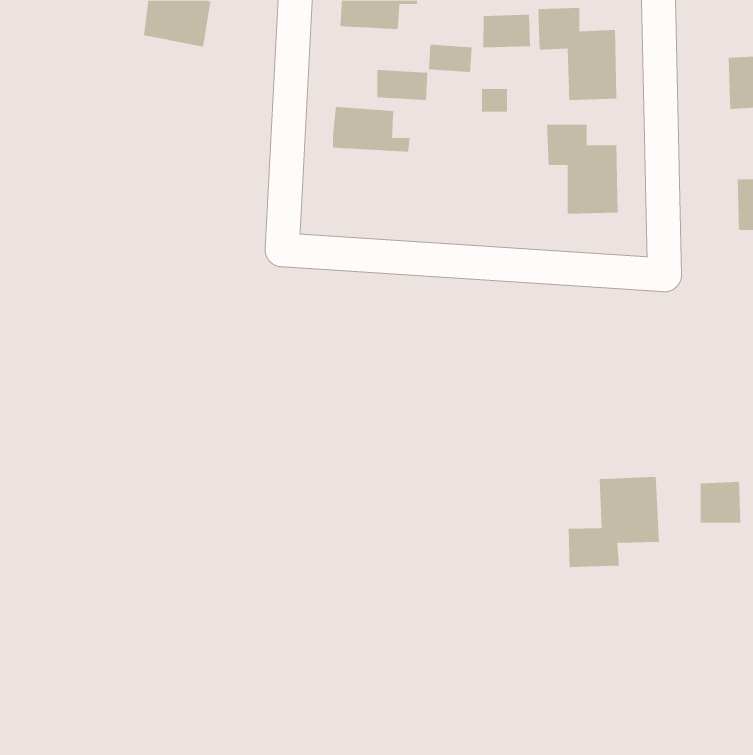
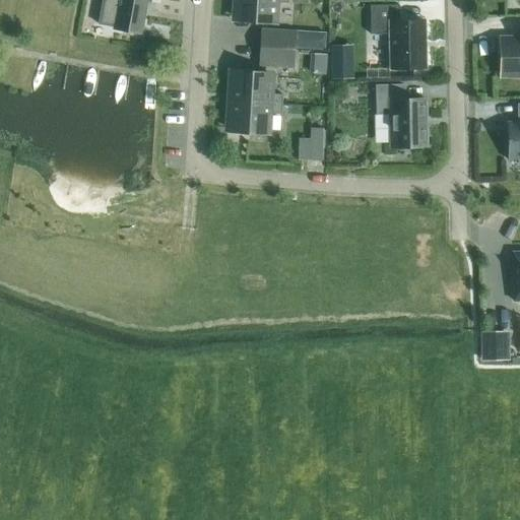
building: [483,14,530,48] -> none
building: none -> [260,28,297,50]
building: none -> [228,102,282,132]
building: none -> [299,128,324,160]
building: [568,476,659,568] -> none

